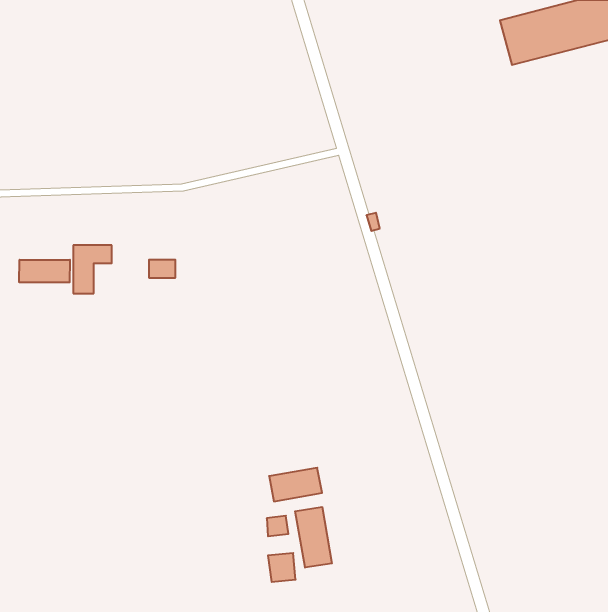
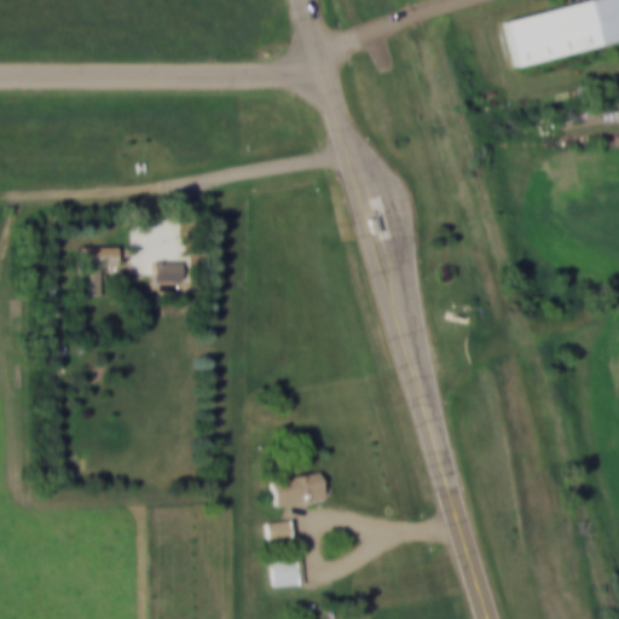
building: [19,260,70,282] -> none
building: [295,507,332,568] -> none

